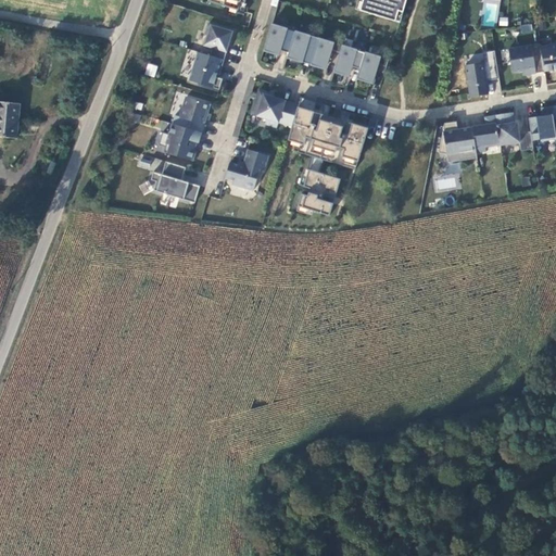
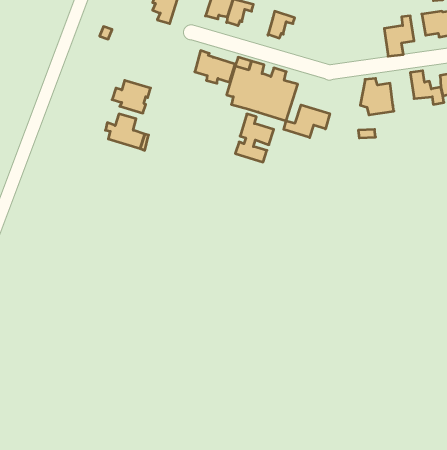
building: [309,37,341,68] -> none
building: [189,51,223,89] -> none
building: [356,52,388,81] -> none
building: [172,96,207,131] -> none
building: [471,114,498,151] -> none
building: [224,149,267,189] -> none
building: none -> [284,105,330,138]

